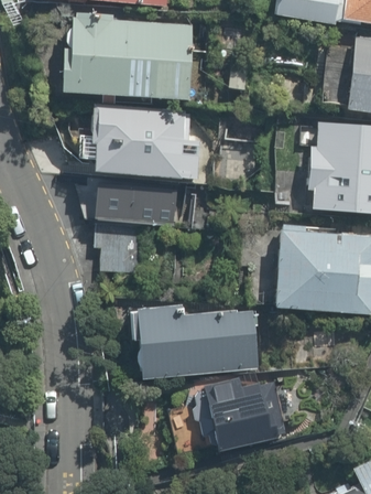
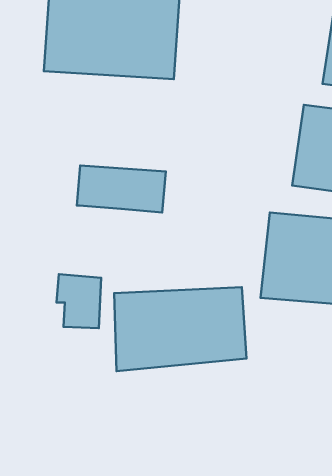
building: [85,112,197,178] -> none
building: [94,224,135,275] -> [57,274,101,328]
building: [199,376,273,444] -> none

